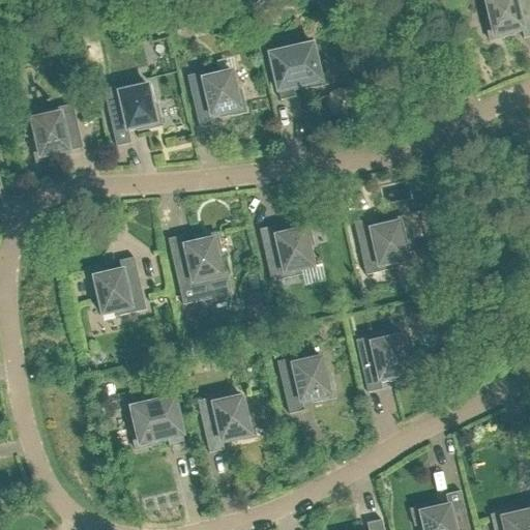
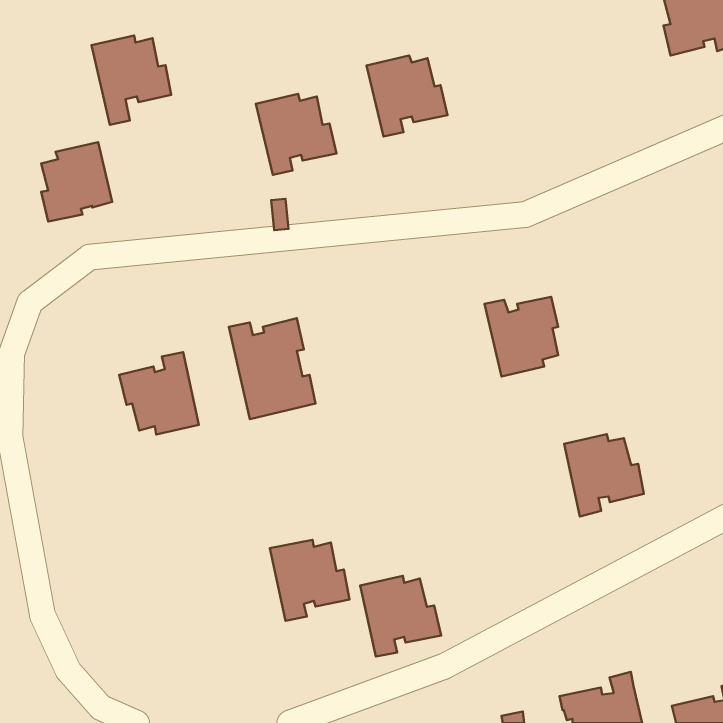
building: [105,82,163,147] -> [92,35,171,125]
building: [261,223,315,282] -> none
building: [357,332,415,392] -> [564,434,644,516]
building: [278,354,337,413] -> [360,576,441,657]
building: [131,391,185,449] -> none

